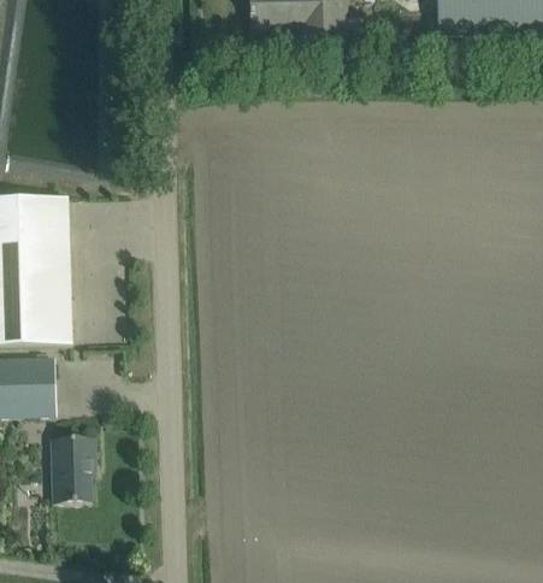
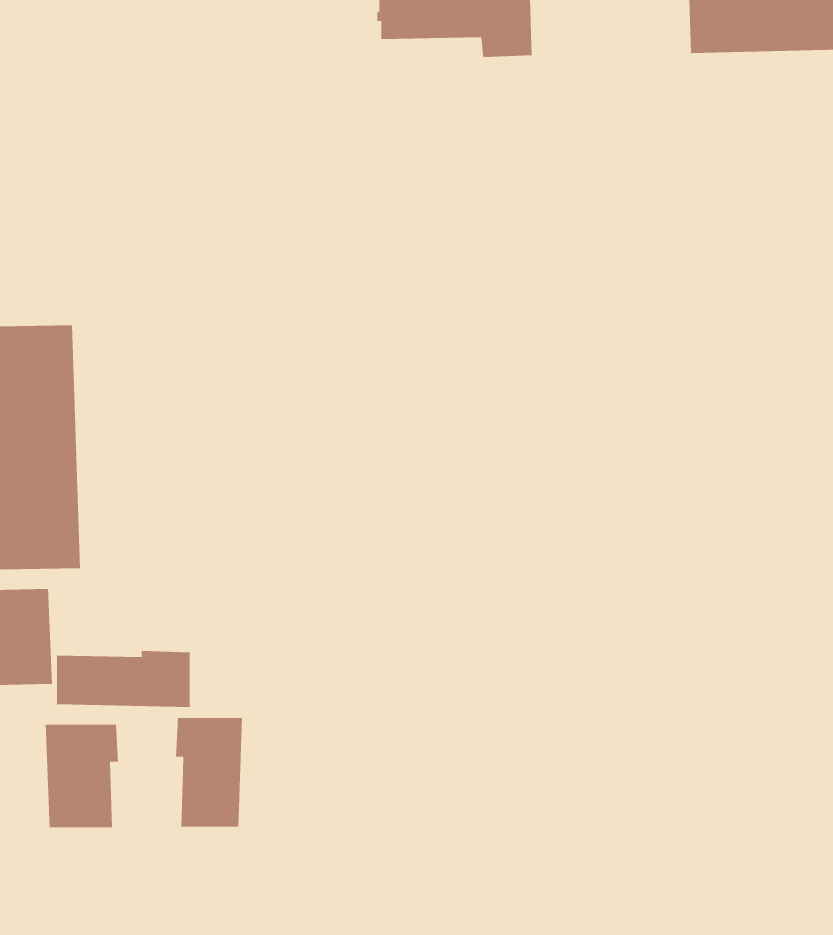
building: none -> [56,650,190,708]
building: none -> [176,717,242,828]

